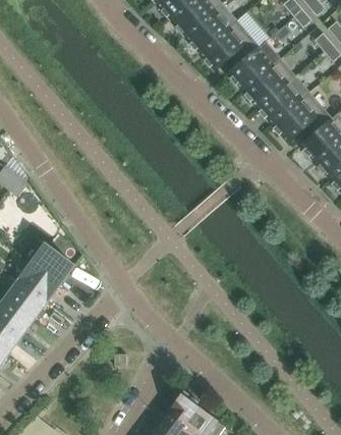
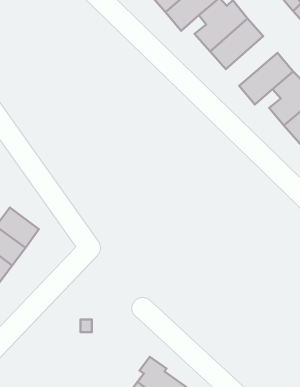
building: [257,74,307,123] -> none

